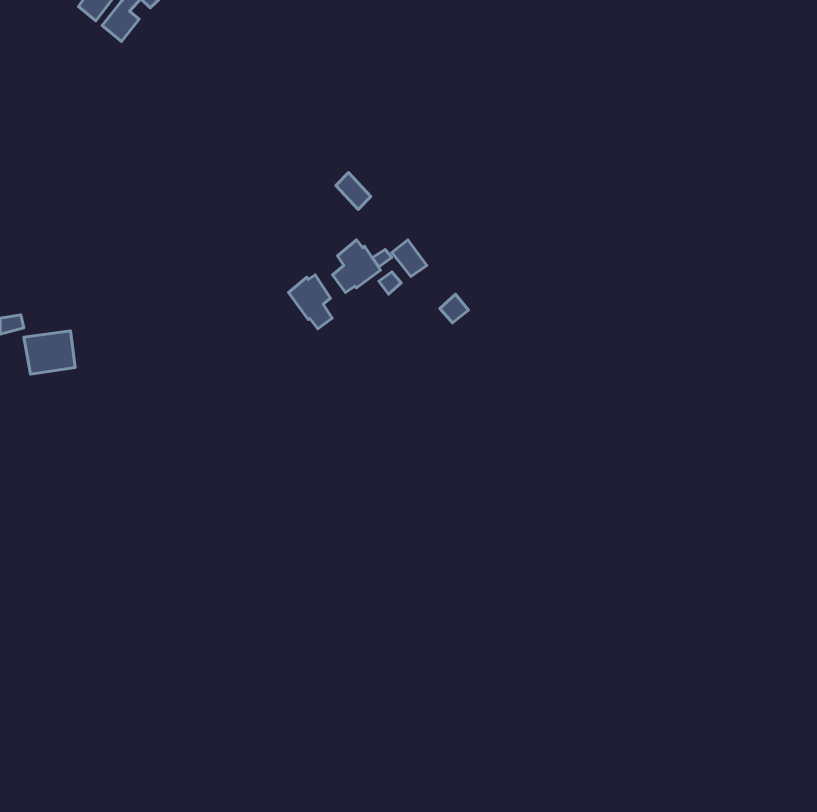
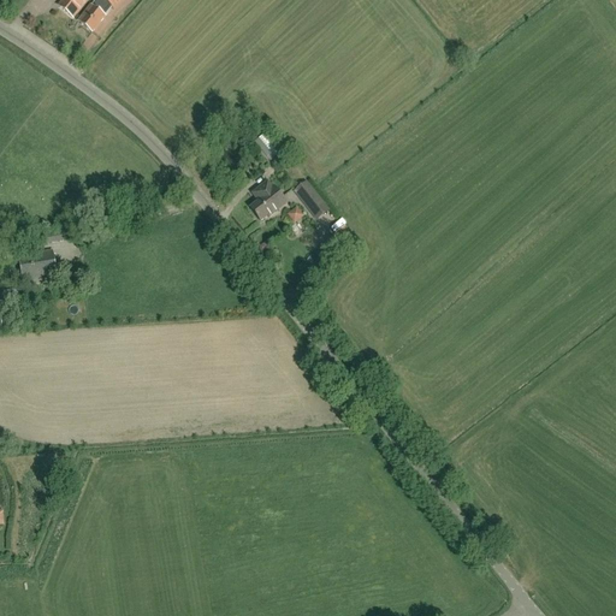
building: [288,275,332,329] -> none

